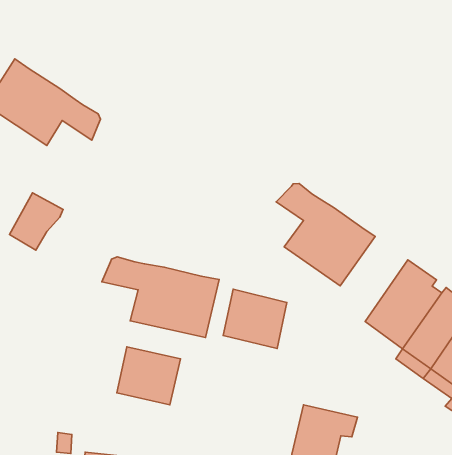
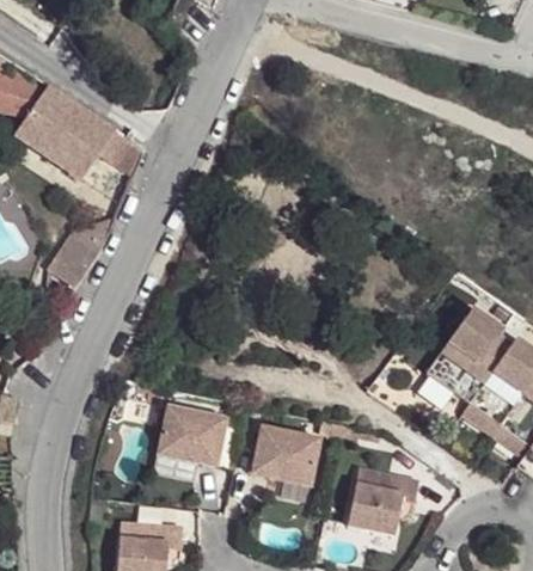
building: [276,183,375,286] -> none
building: [102,257,219,338] -> none
building: [223,289,287,349] -> [251,422,320,486]

